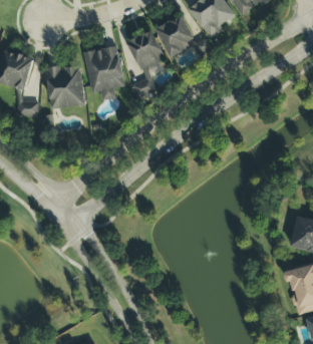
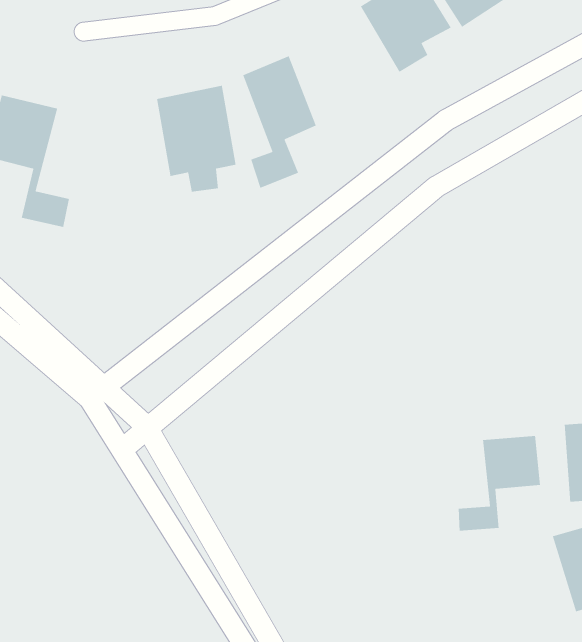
building: [154,14,194,57] -> none
building: [45,65,84,109] -> none
building: none -> [458,435,541,532]

